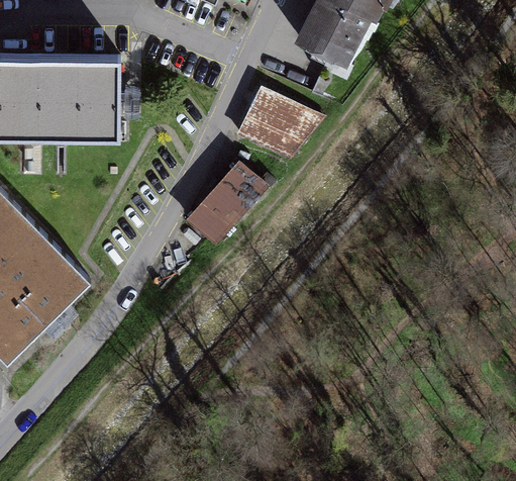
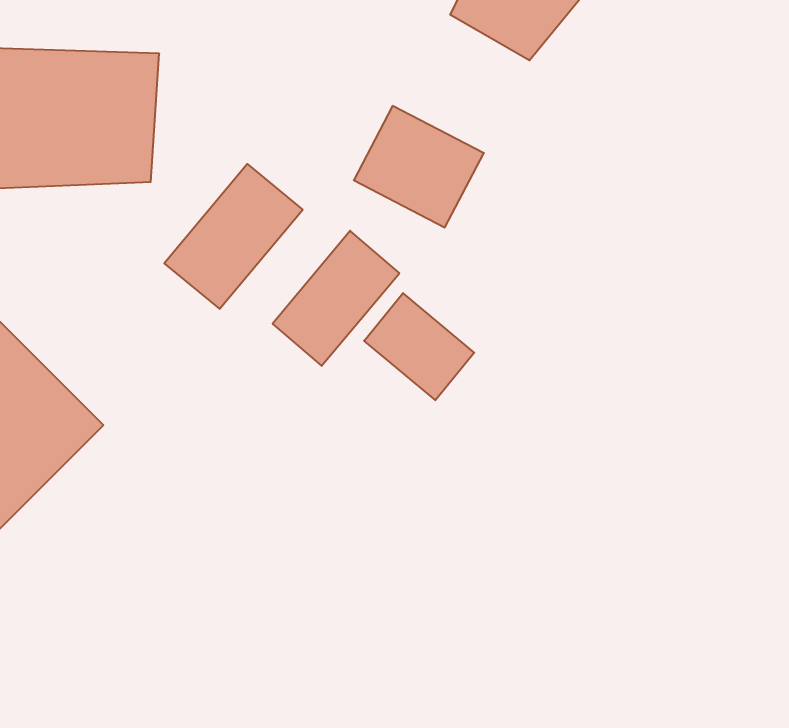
building: none -> [164,164,303,309]
building: none -> [364,293,474,400]

